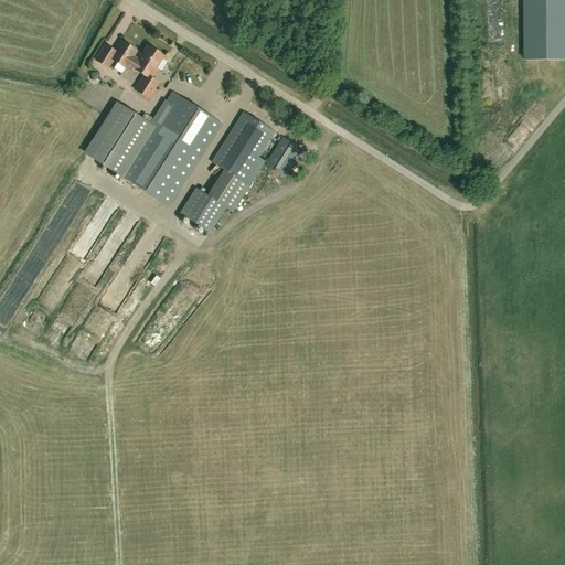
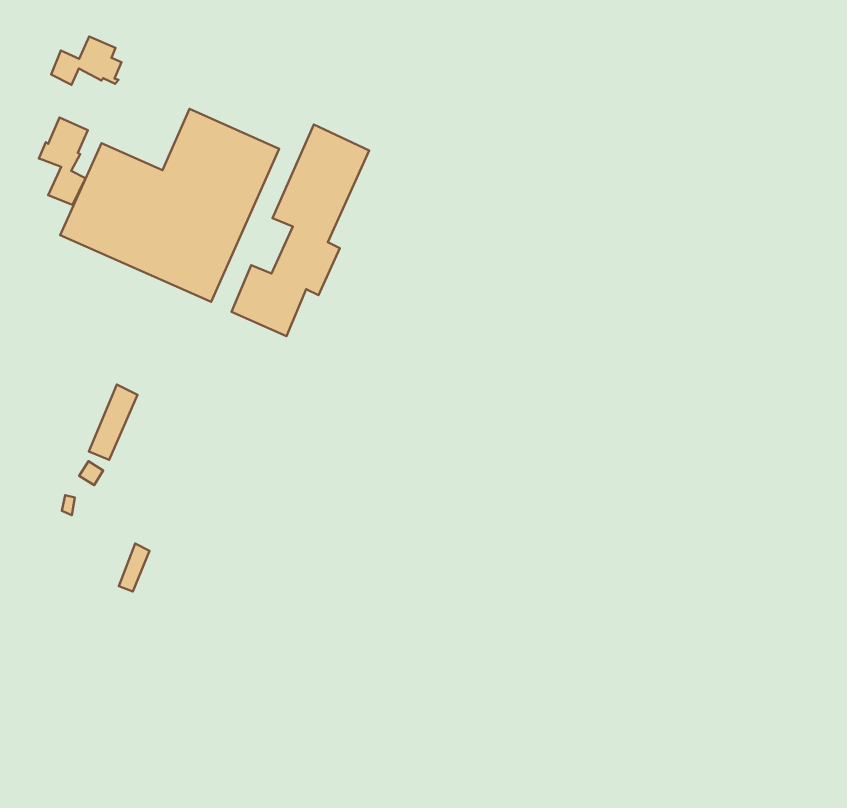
building: [130,44,161,96] -> [39,117,88,205]
building: [264,136,299,174] -> none

